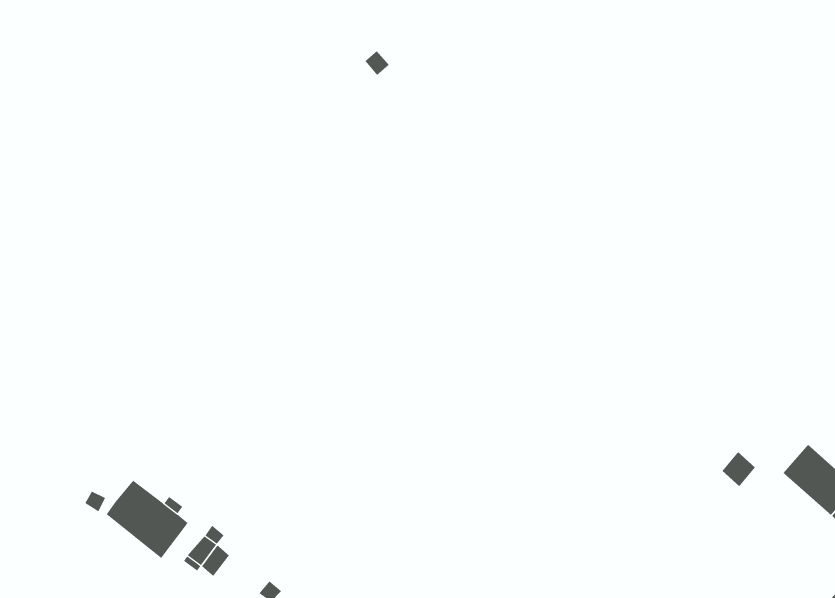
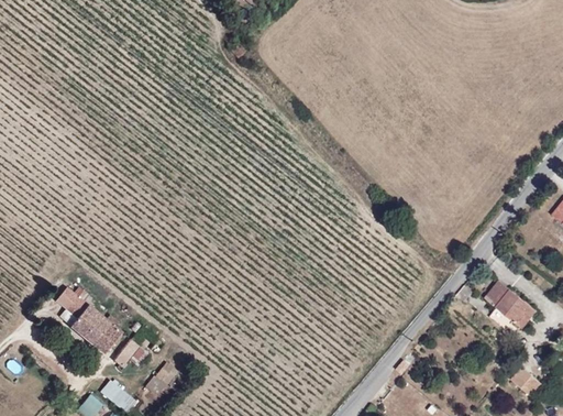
building: none -> [57,287,89,318]

